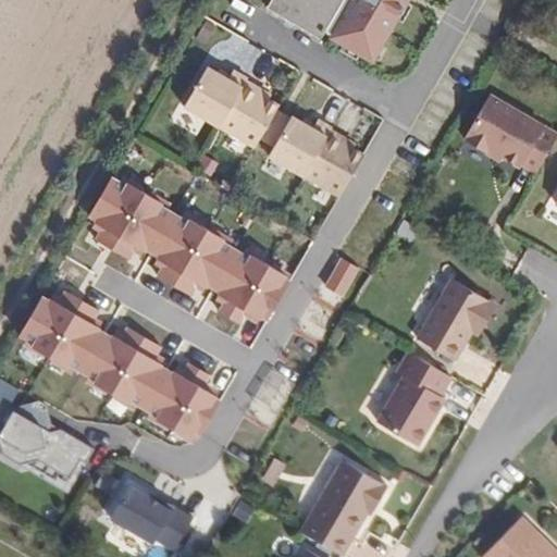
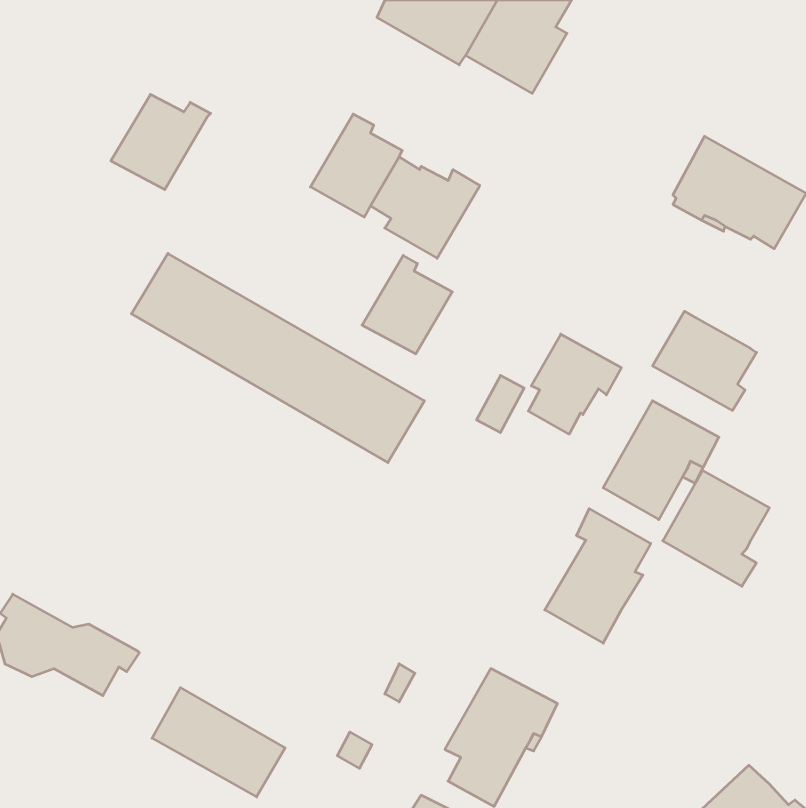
building: [176,64,245,129] -> [111,94,211,190]
building: [300,131,362,198] -> [362,255,452,354]
building: none -> [653,311,757,410]
building: none -> [528,334,621,434]
building: [23,295,223,440] -> none
building: none -> [663,470,769,586]

